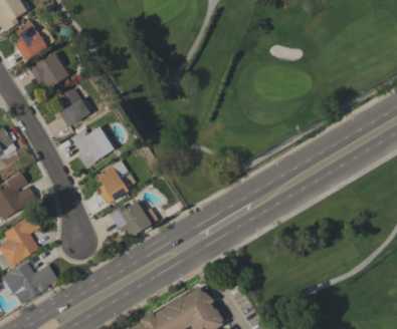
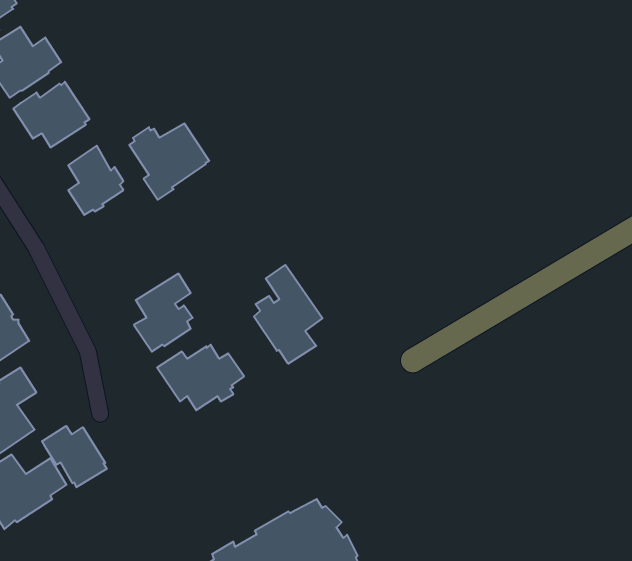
building: [70,125,116,169] -> [129,123,209,200]
building: none -> [254,265,322,364]
building: none -> [42,426,107,487]

